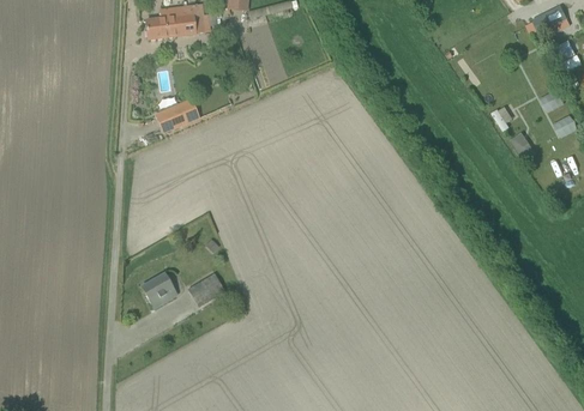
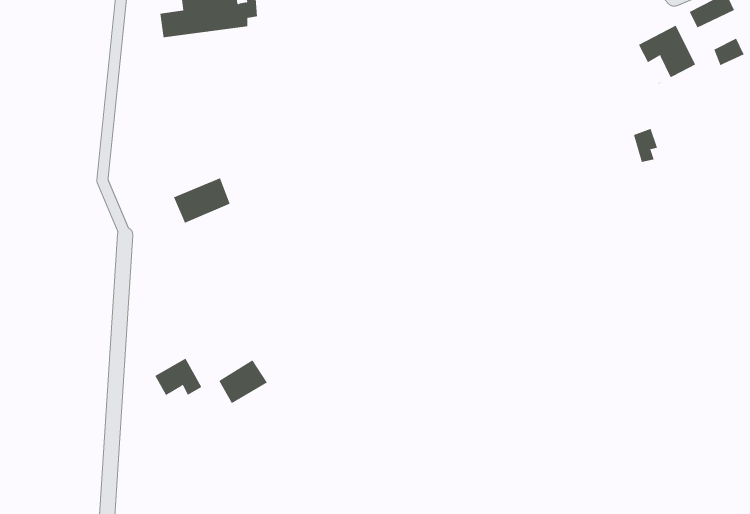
building: none -> [638,25,696,85]
building: [156,98,198,132] -> [173,177,230,223]

